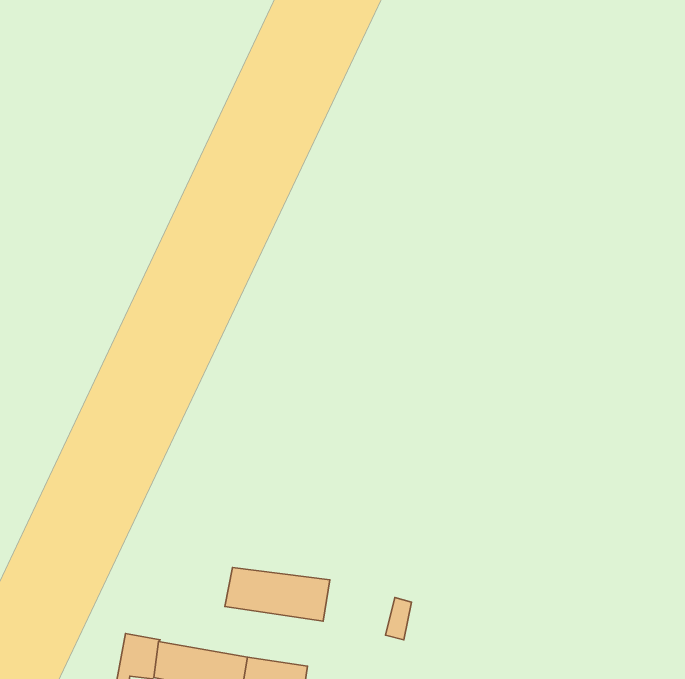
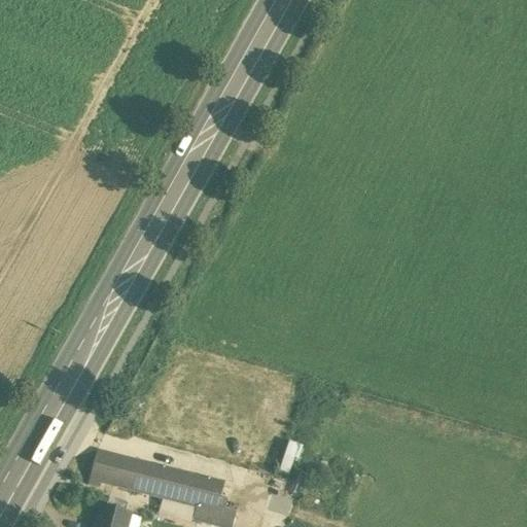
building: [225,567,330,621] -> none

